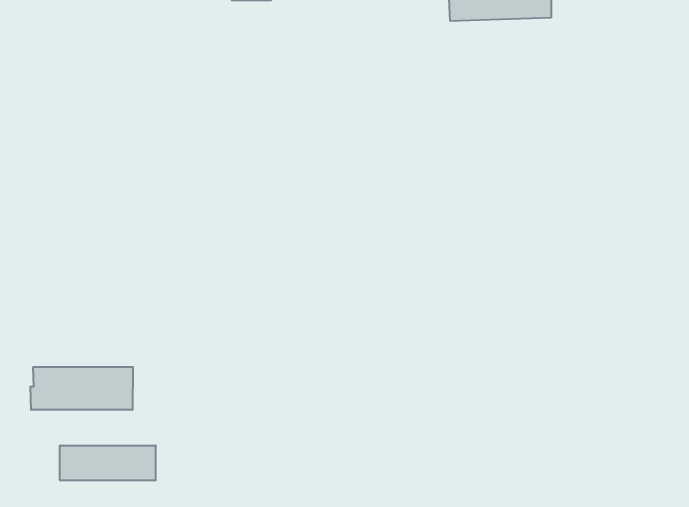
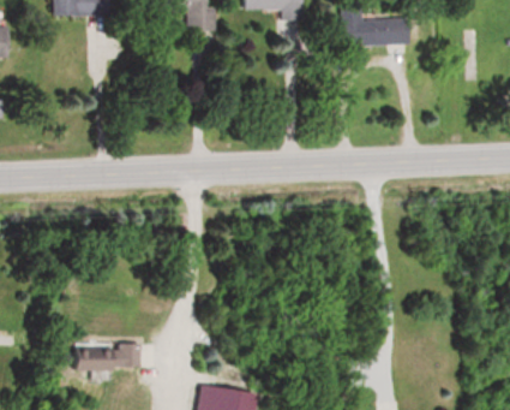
building: [30,367,133,410] -> none

